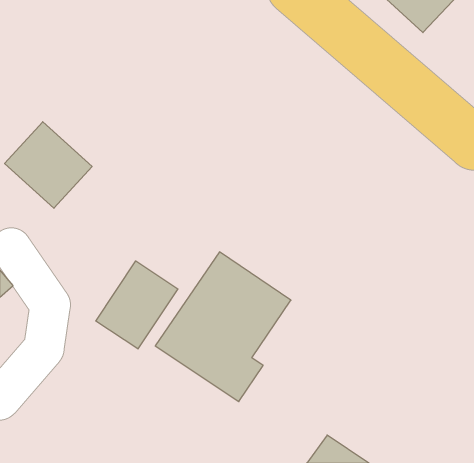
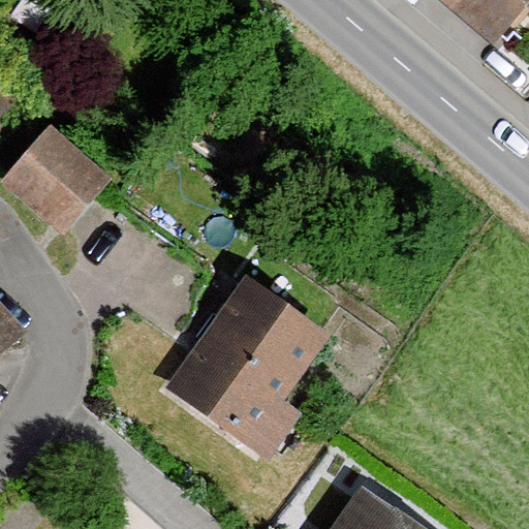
building: [96,261,178,349] -> none

